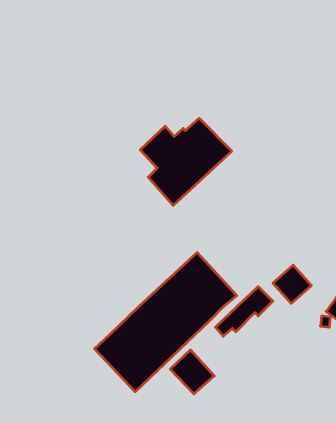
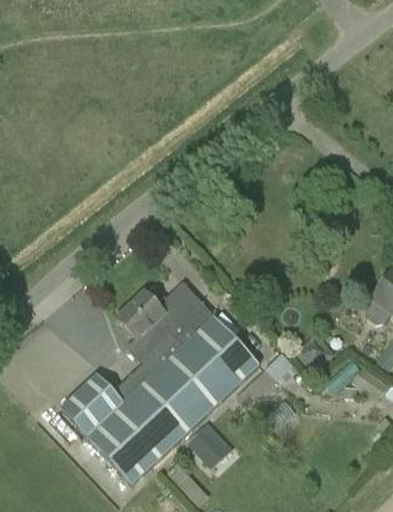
building: [140,118,232,205] -> [118,284,215,376]
building: none -> [62,377,149,481]

